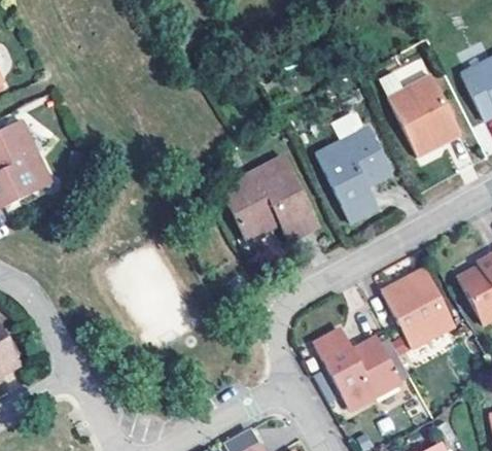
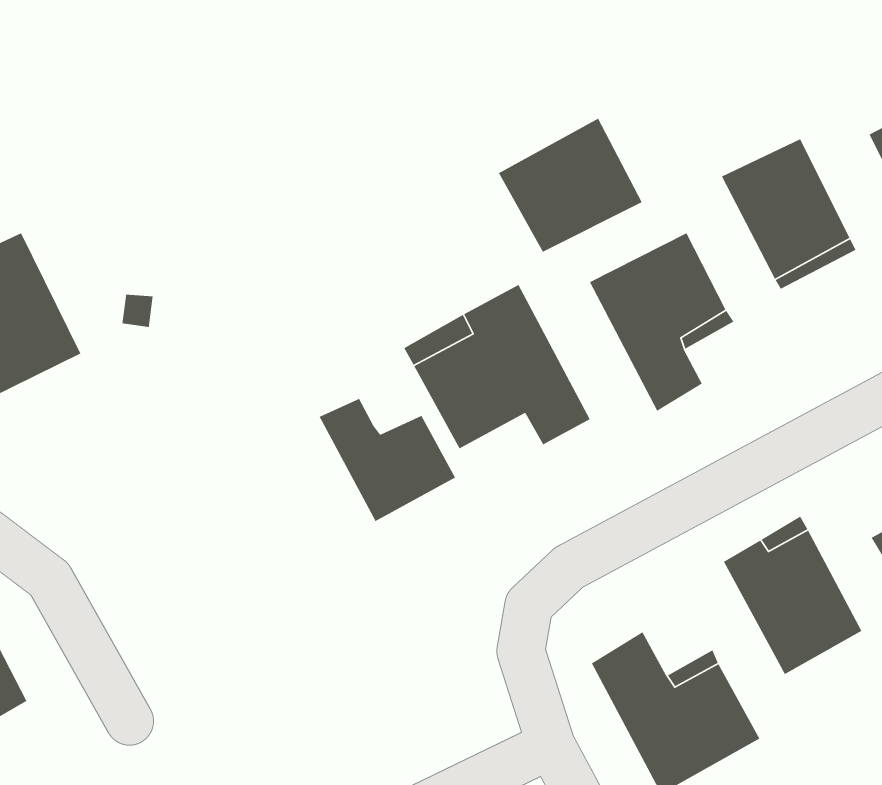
building: none -> [498,117,643,253]
building: none -> [318,398,456,522]

